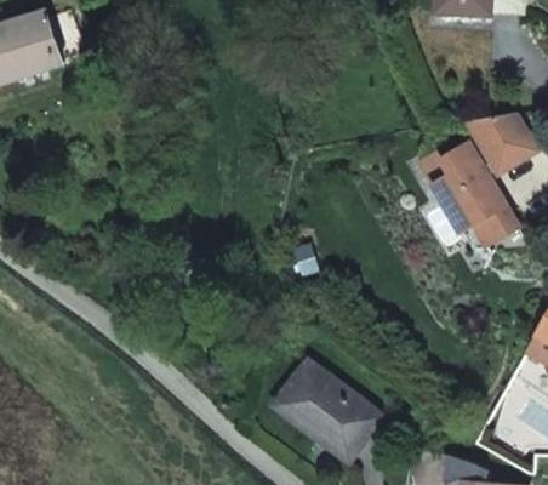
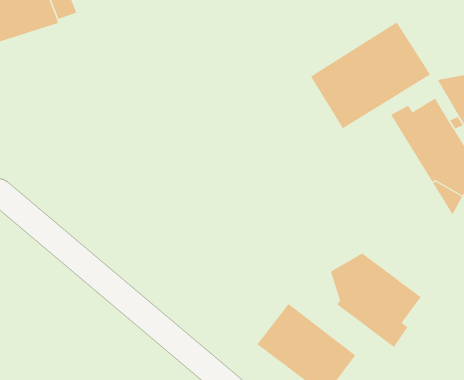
building: none -> [310,22,431,129]
building: none -> [330,252,422,348]

